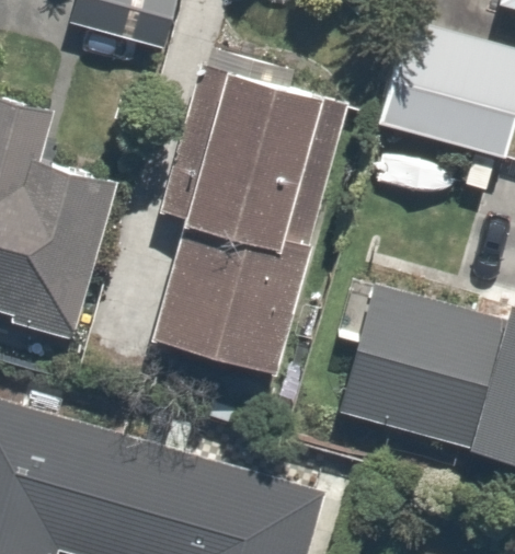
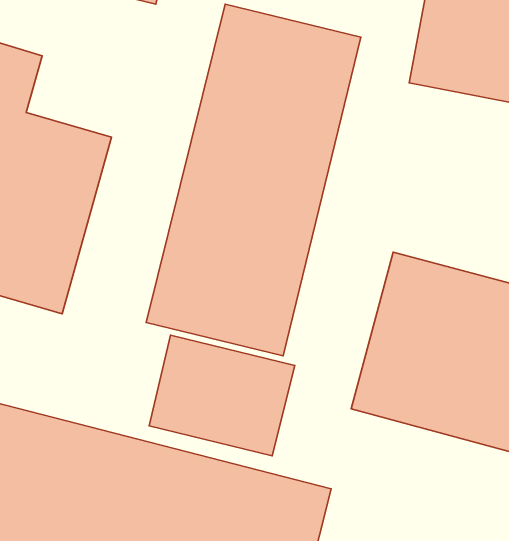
building: none -> [149,335,295,456]

